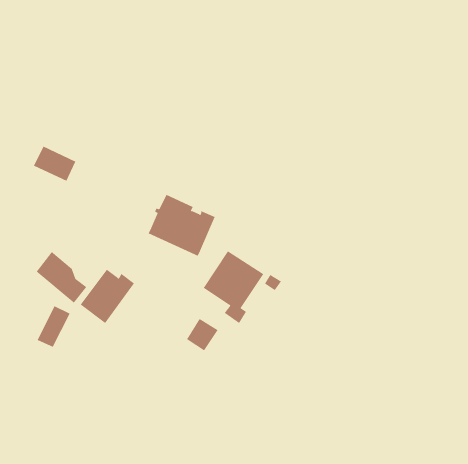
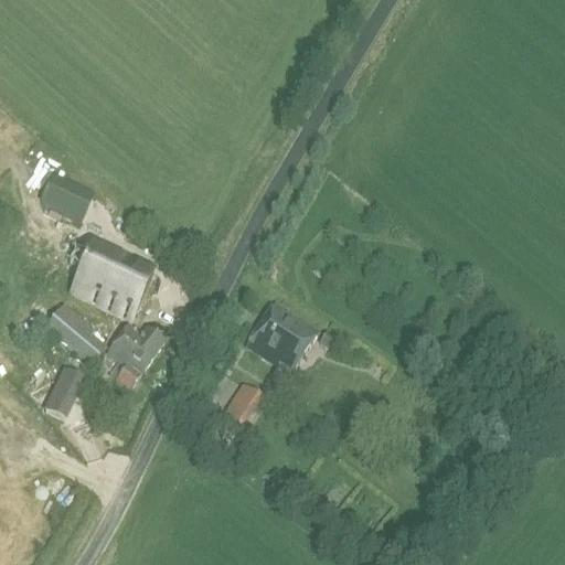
building: [148,194,216,256] -> [70,244,151,319]

